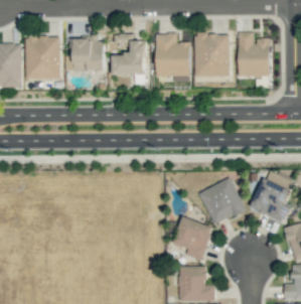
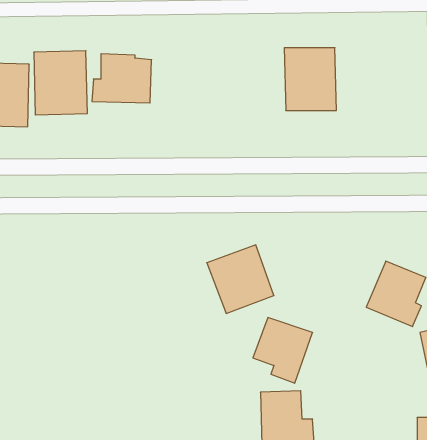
building: [155,33,190,77] -> none
building: [238,33,270,77] -> none
building: [113,34,145,74] -> none
building: [199,178,245,224] -> [207,245,274,313]

